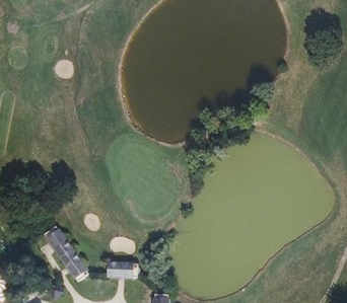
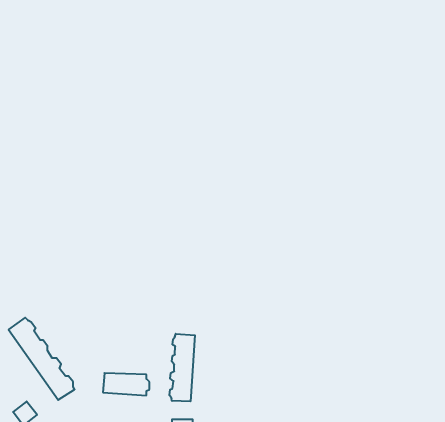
building: none -> [169,334,195,401]

